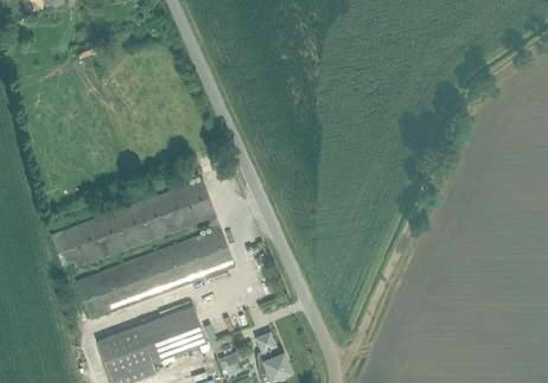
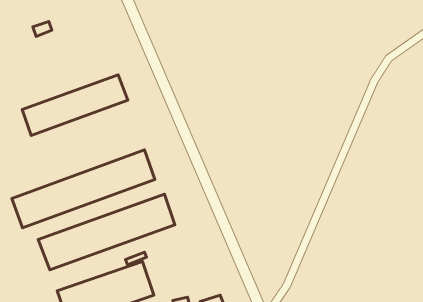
building: none -> [22,75,128,136]

